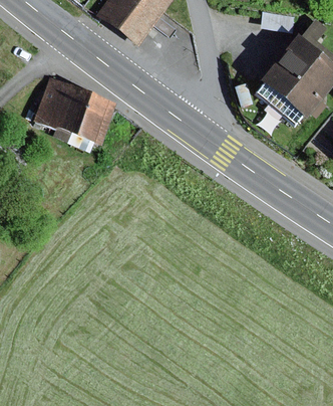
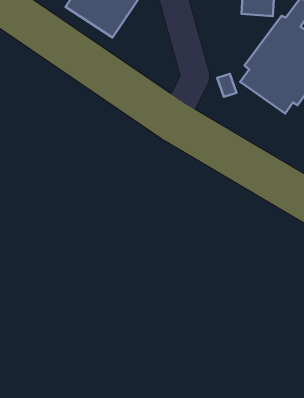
building: [34,77,117,146] -> none

